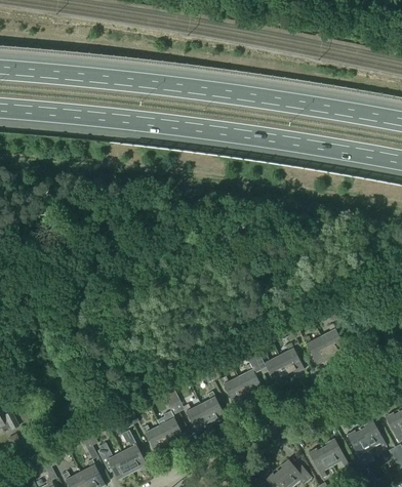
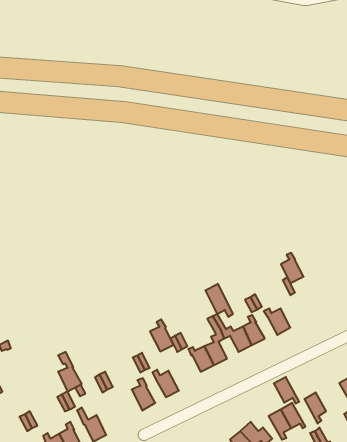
building: none -> [206,284,233,317]
building: [321,324,346,357] -> [281,253,304,283]
building: [199,391,225,425] -> [150,319,173,351]
building: [359,420,387,449] -> [274,377,299,403]
building: [142,424,170,454] -> none
building: [121,431,147,474] -> [58,352,82,392]

